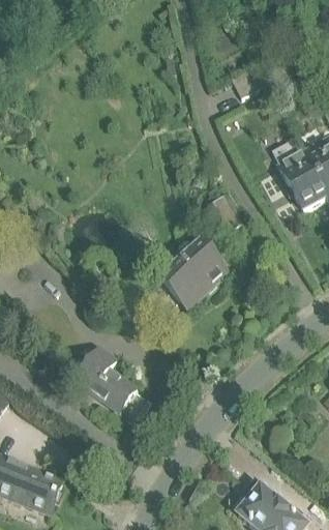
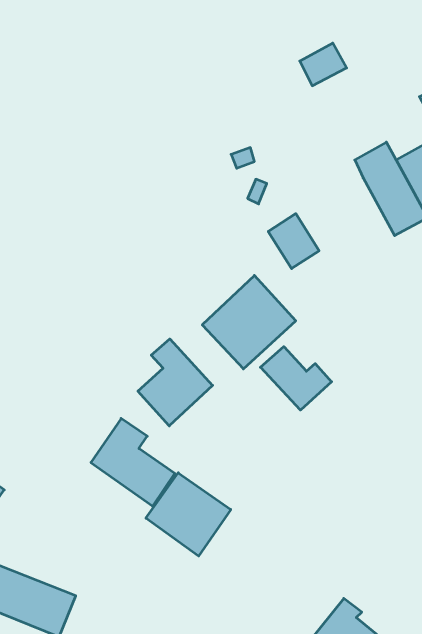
building: none -> [138,339,213,426]
building: none -> [260,347,332,410]
building: none -> [146,473,231,556]

